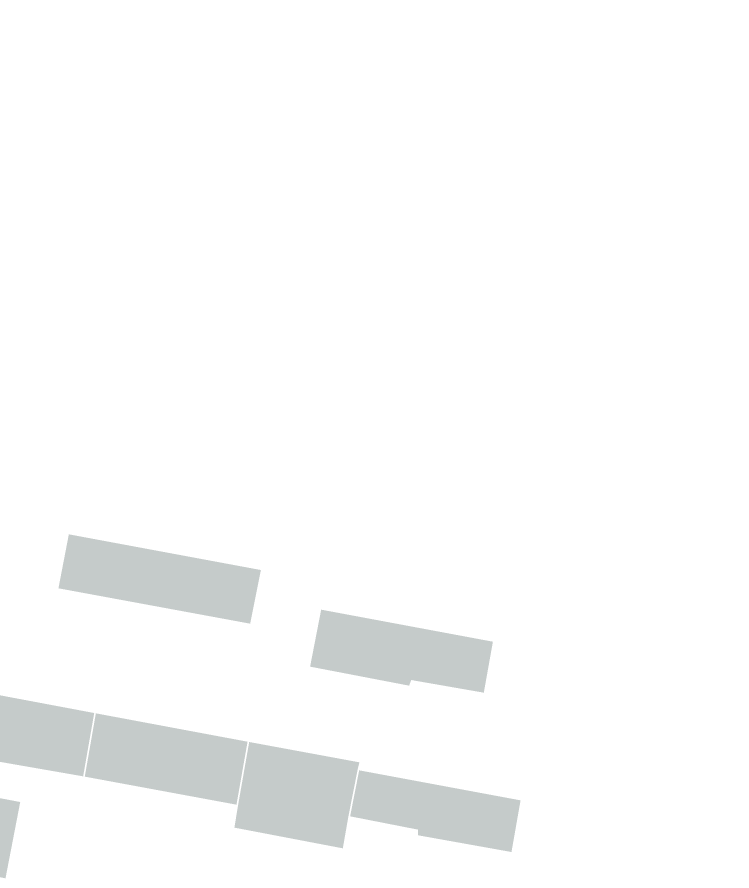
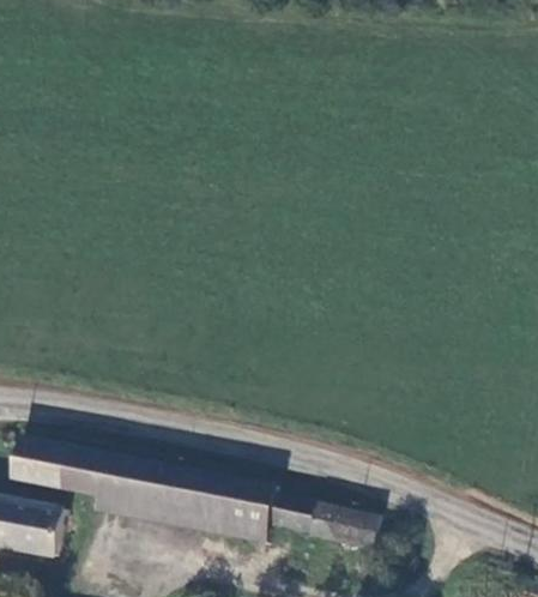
building: [57,534,262,625] -> none
building: [309,609,494,694] -> none

